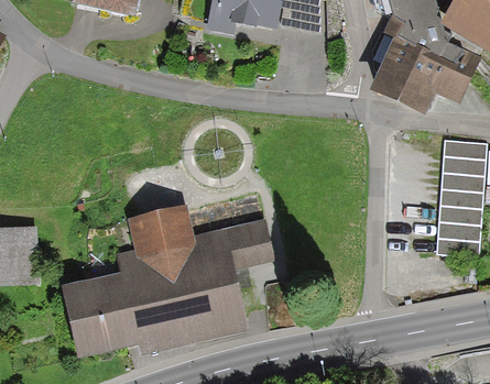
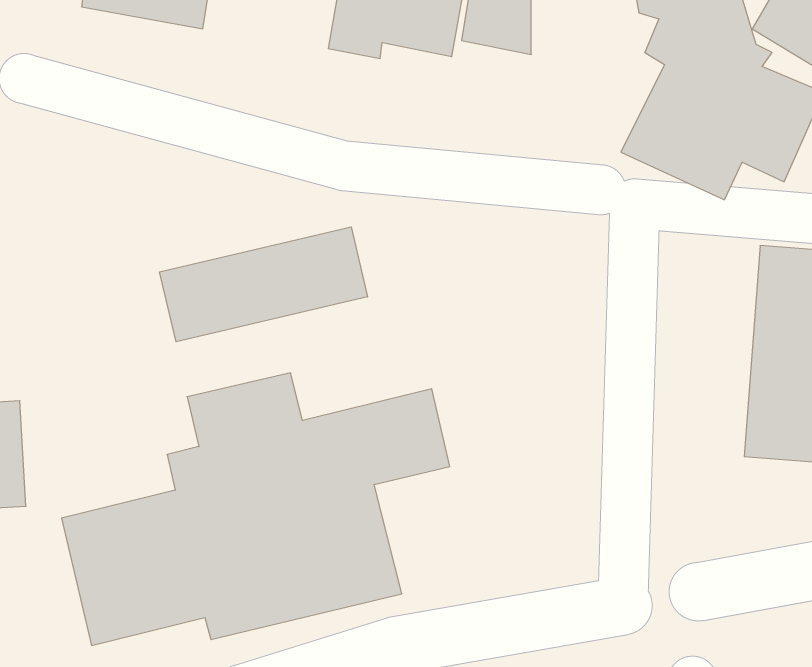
building: none -> [160,227,368,342]

